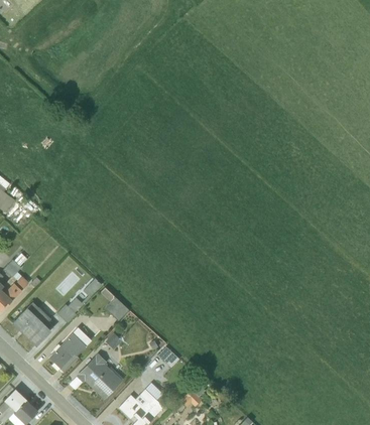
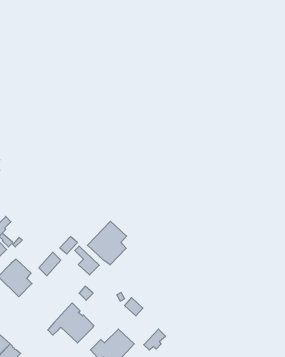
building: none -> [87,221,127,265]
building: [49,327,92,372] -> none

